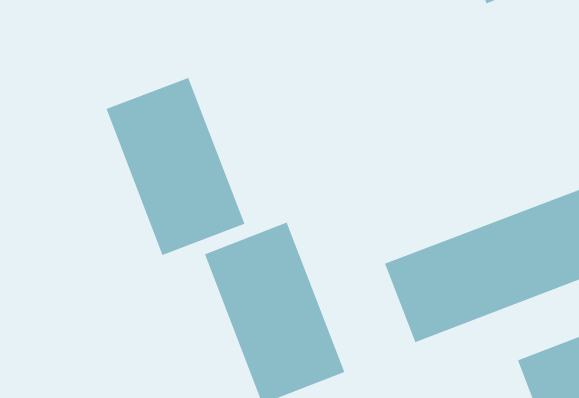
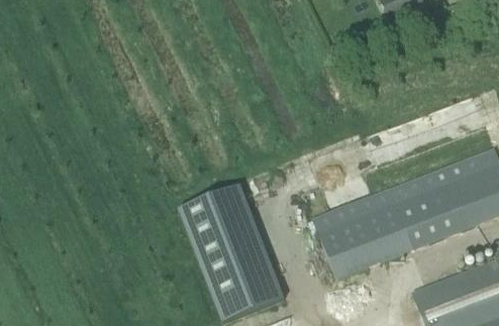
building: [106,77,245,256] -> none

